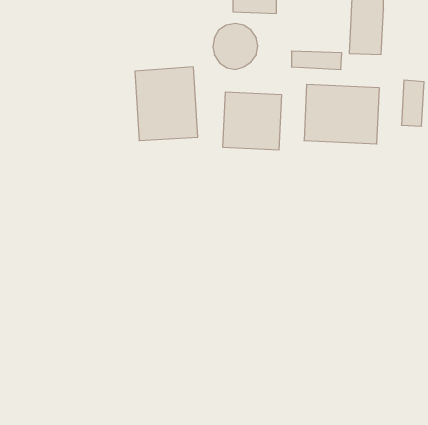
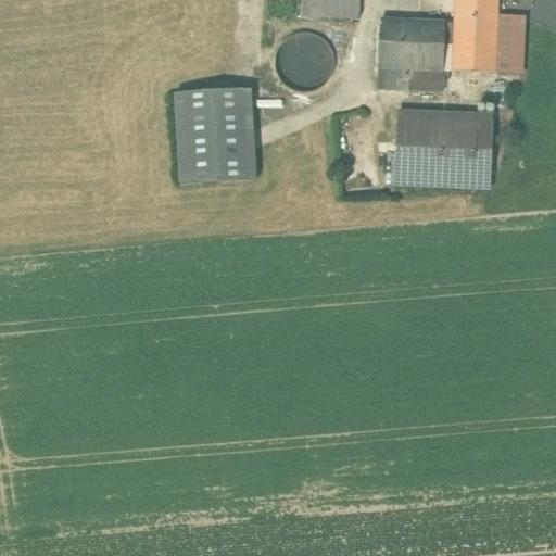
building: none -> [378,18,445,68]
building: [401,80,424,126] -> [494,12,523,72]
building: [223,92,281,150] -> none

